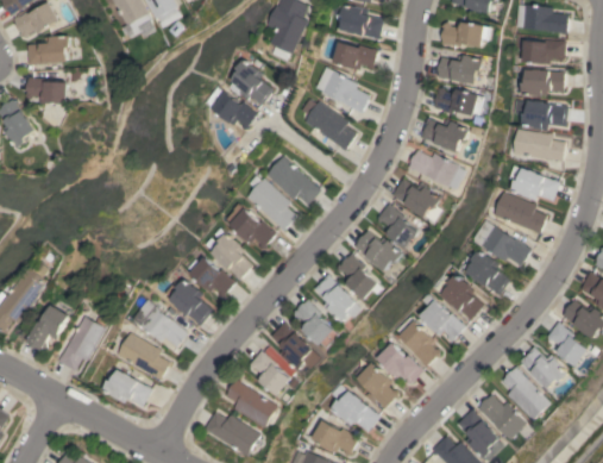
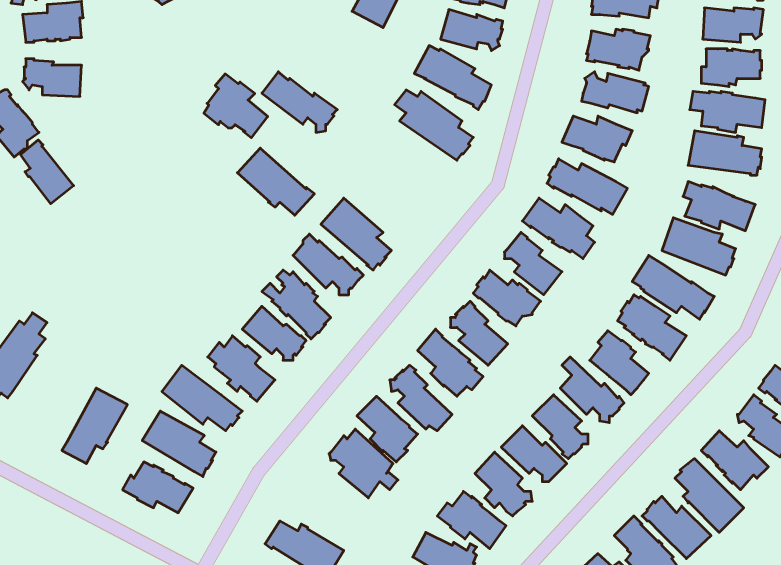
building: [226,58,272,105] -> [204,74,268,138]
building: none -> [21,140,74,204]
building: [265,156,321,205] -> [237,148,314,215]
building: [26,305,69,350] -> none
building: [226,378,279,427] -> none

